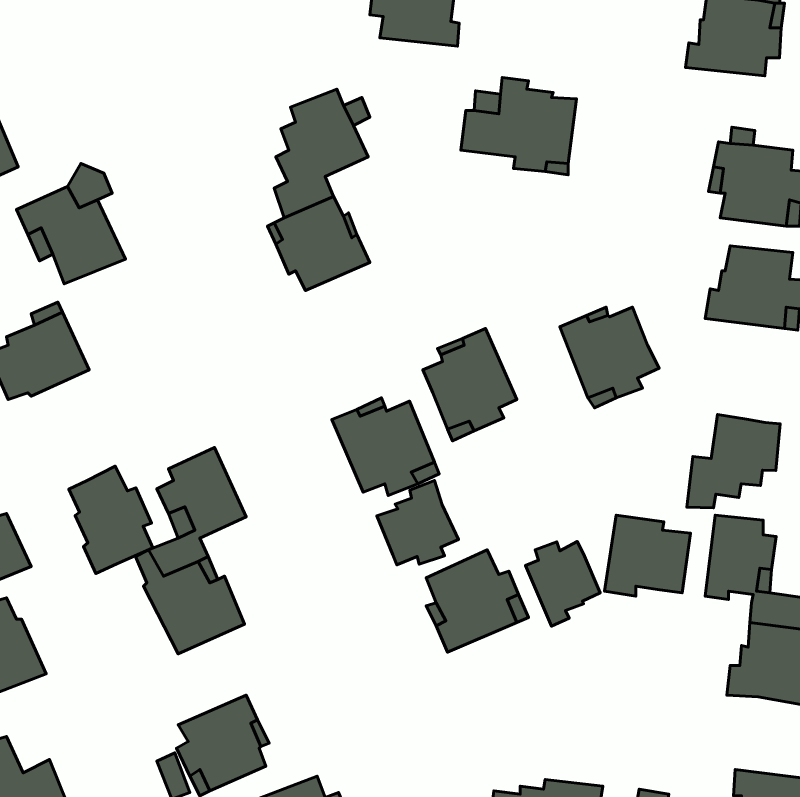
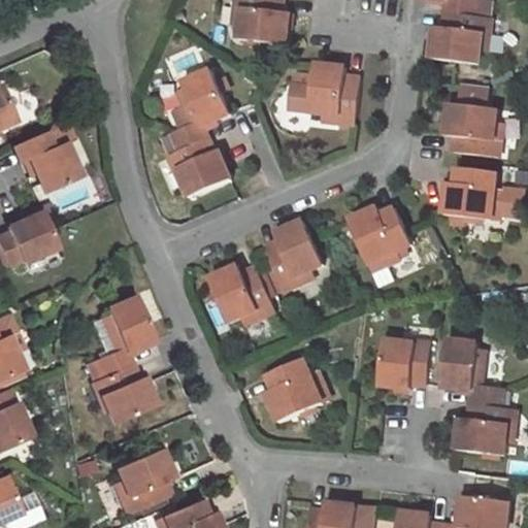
building: [687,414,780,508] -> none
building: [69,466,153,574] -> none
building: [377,481,458,565] -> none
building: [526,541,600,626] -> none

